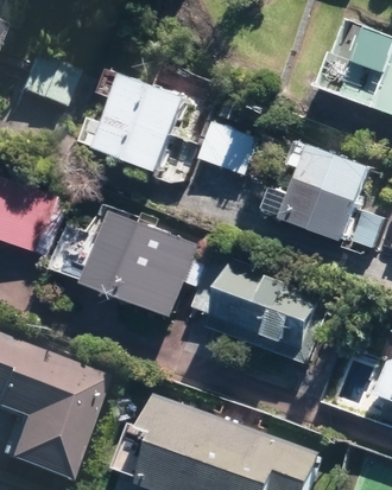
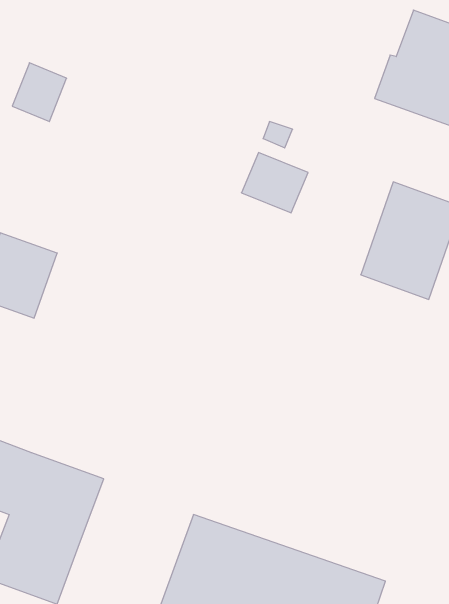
building: [109,81,184,166] -> none
building: [89,212,195,308] -> none
building: [211,262,322,357] -> none

